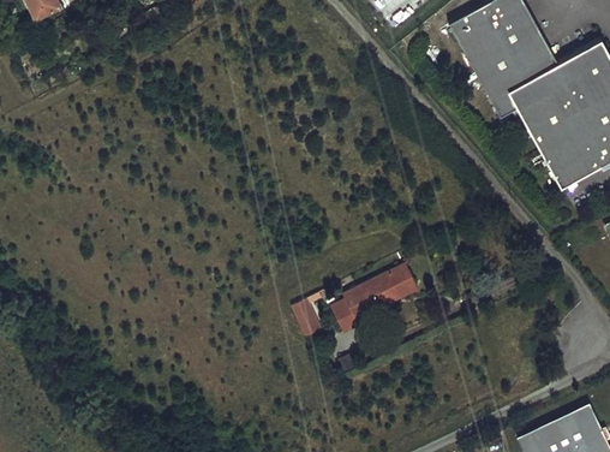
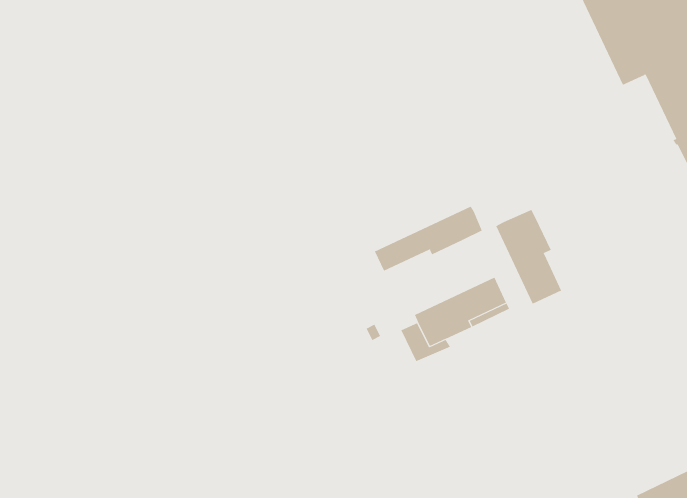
building: none -> [374,206,483,272]
building: none -> [495,209,562,304]

